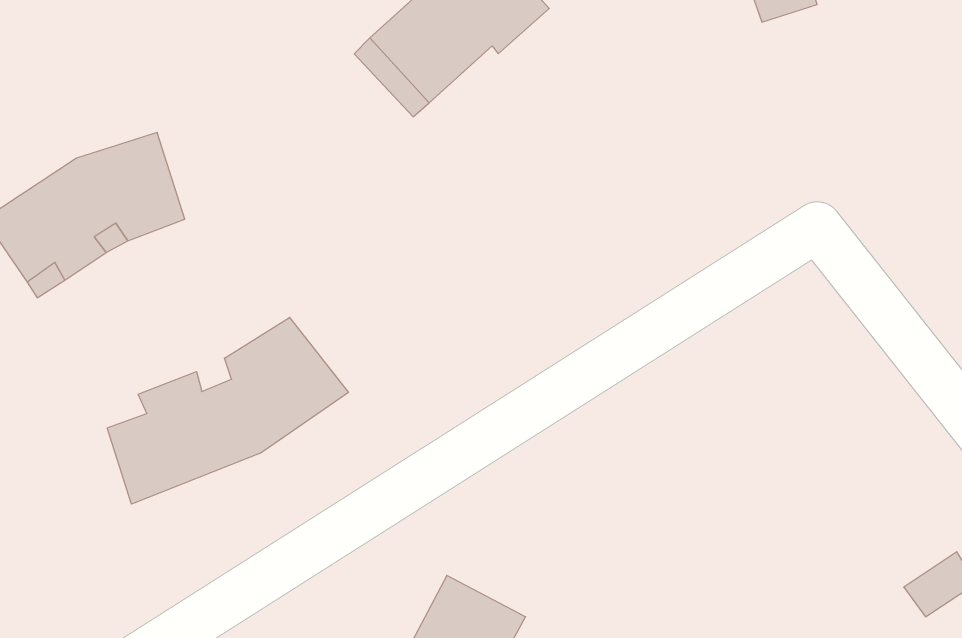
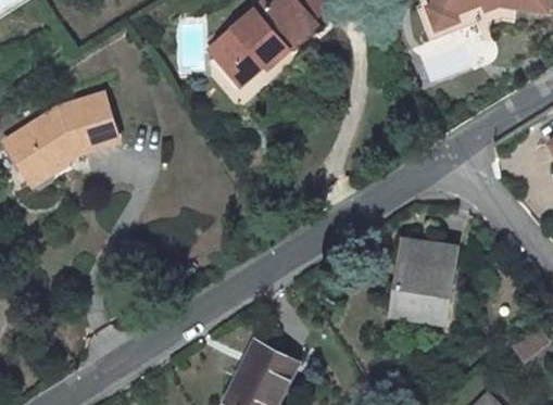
building: [107,317,348,504] -> none
building: none -> [395,239,461,320]

